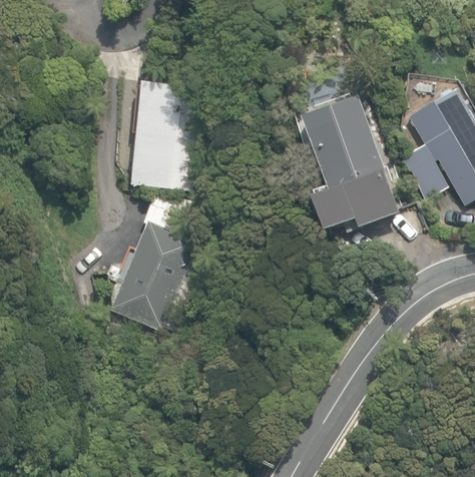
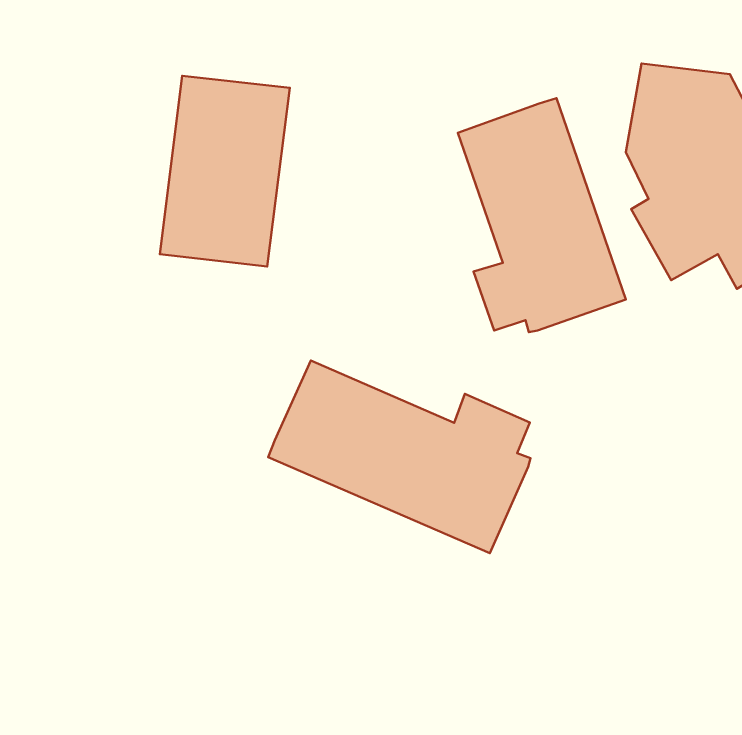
building: [107,217,197,331] -> none
building: none -> [268,361,530,553]

